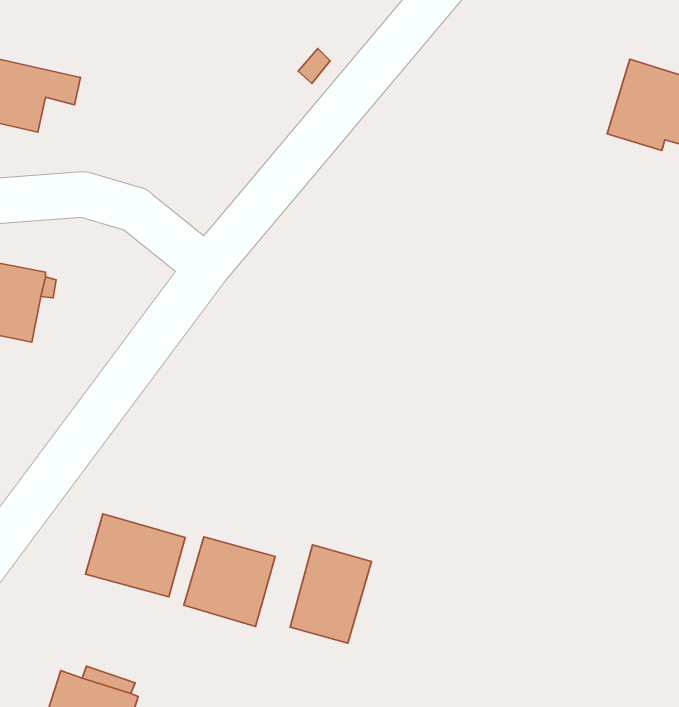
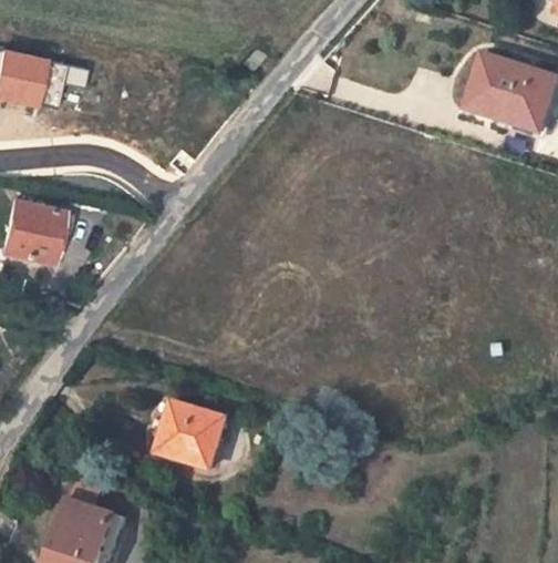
building: [86,514,185,597] -> none
building: [290,545,371,643] -> none

